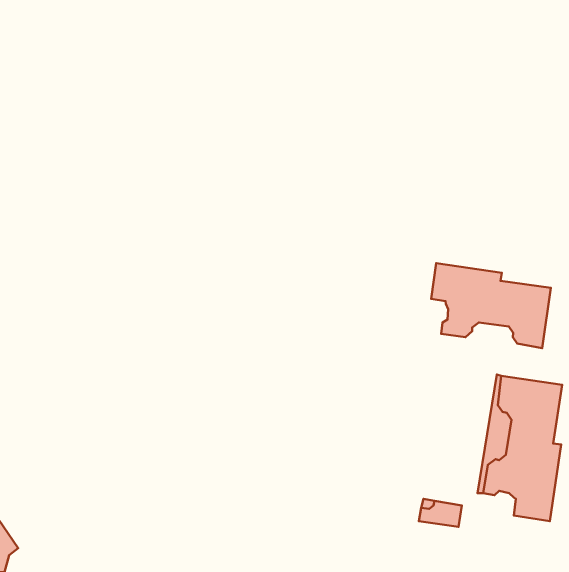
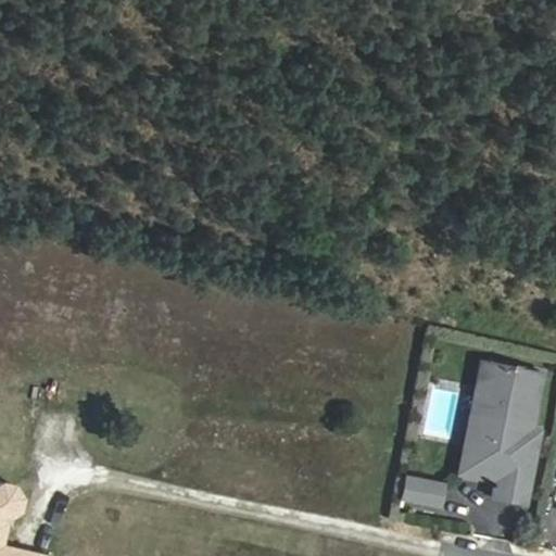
building: [431,263,551,348] -> none

